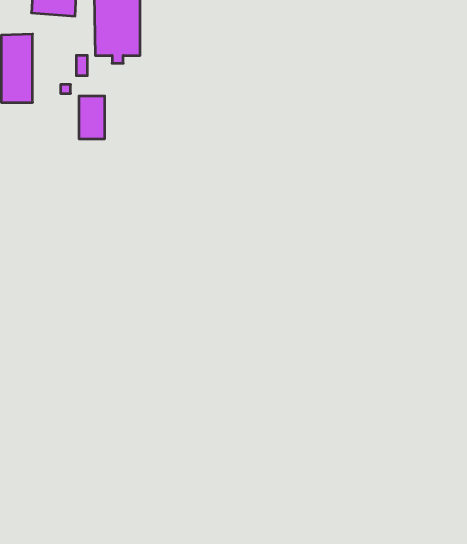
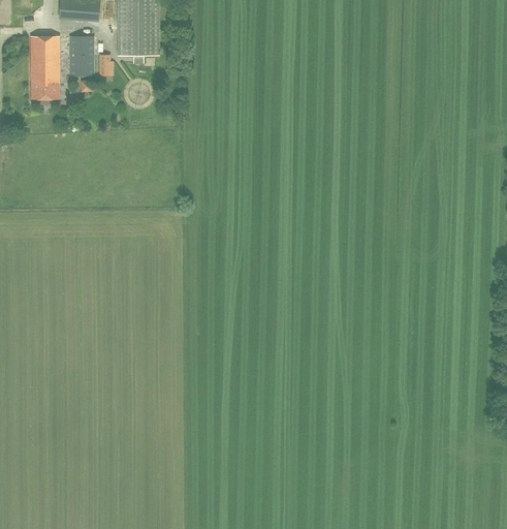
building: [79,96,105,139] -> [69,36,93,75]

